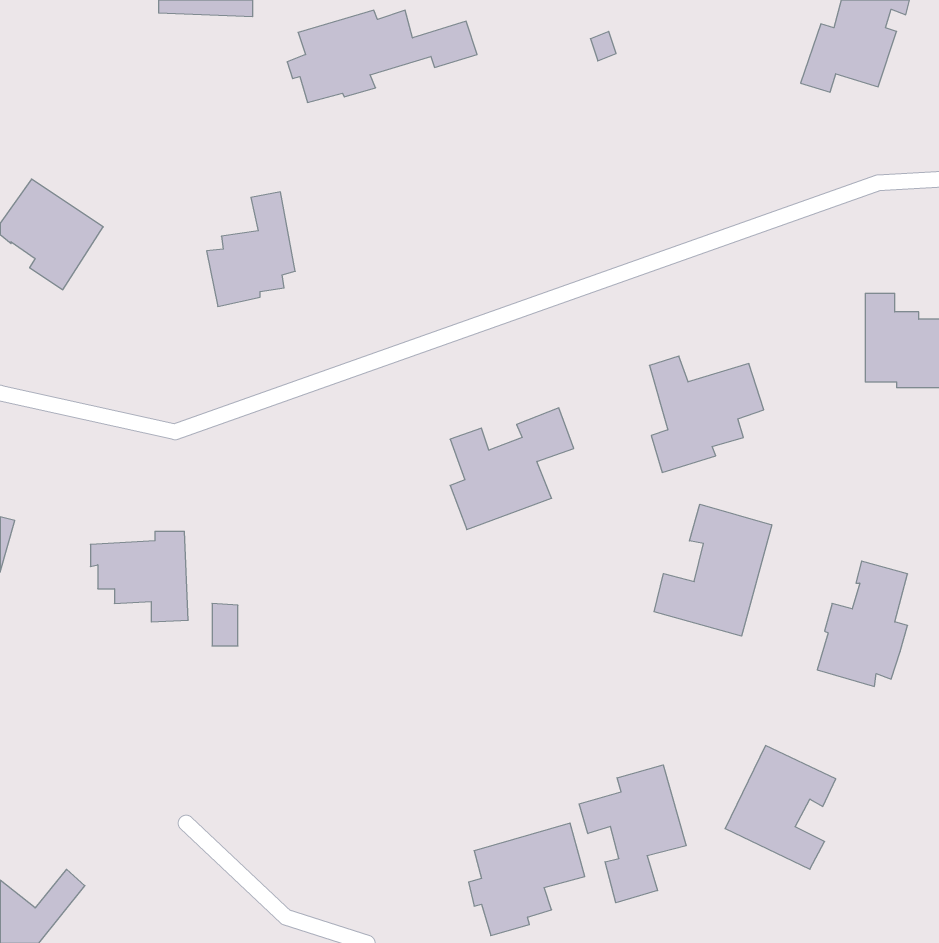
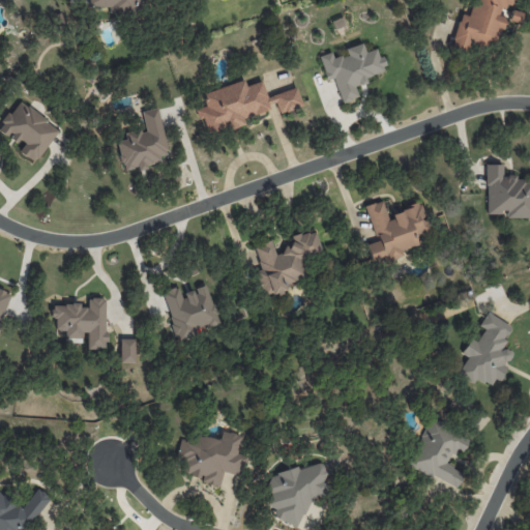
building: [287,10,477,102] -> [197,81,303,132]
building: none -> [321,43,386,102]
building: [654,504,772,636] -> none
building: none -> [163,285,220,341]
building: [579,765,686,903] -> none
building: none -> [177,431,247,487]

